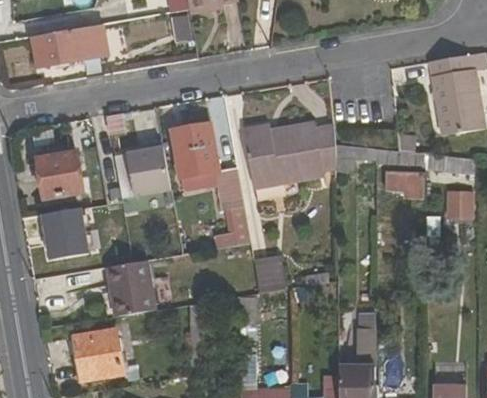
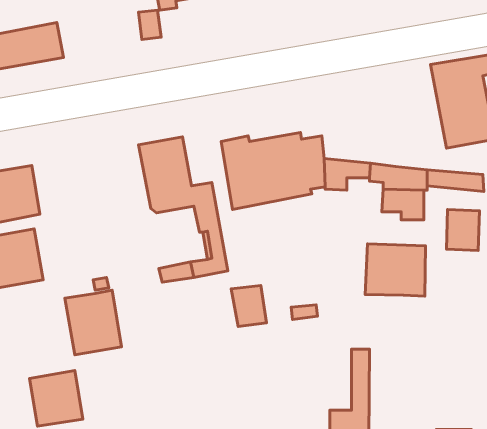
building: [125,141,170,196] -> none
building: none -> [365,244,426,296]

